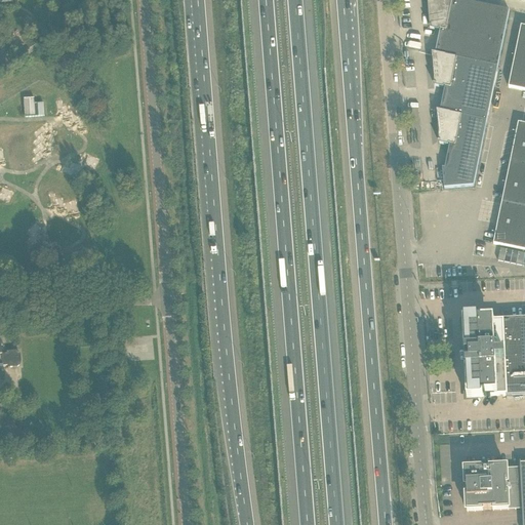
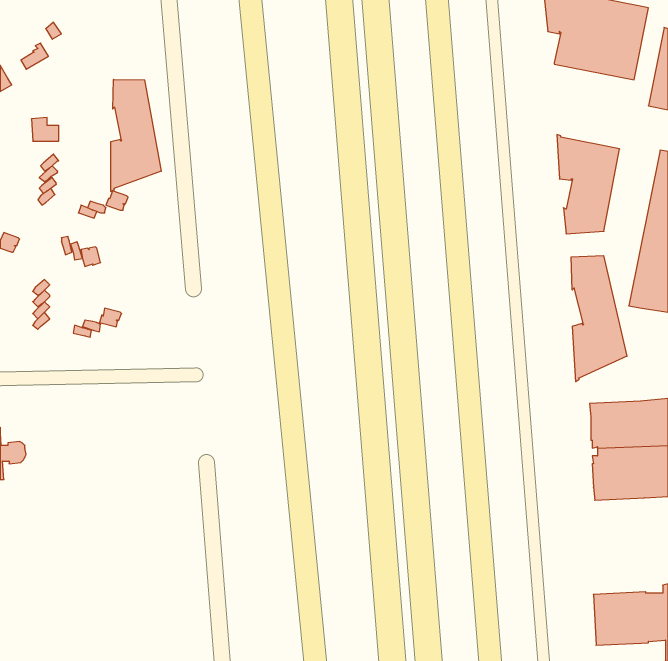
building: [432,48,497,117] -> none
building: none -> [111,79,161,192]
building: none -> [571,256,627,382]

